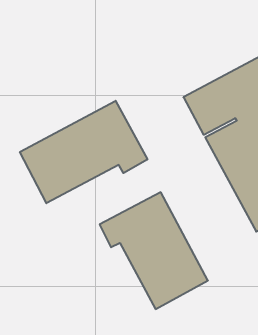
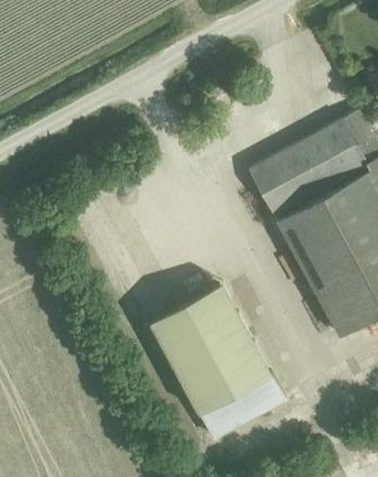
building: [20,101,147,203] -> none

